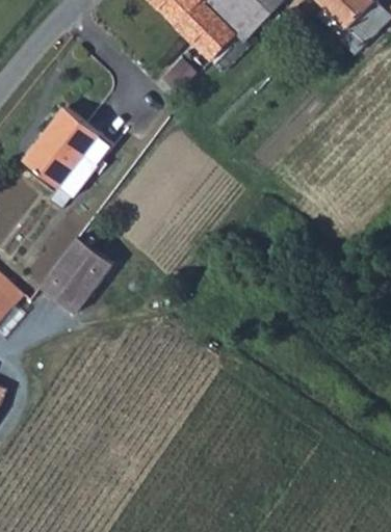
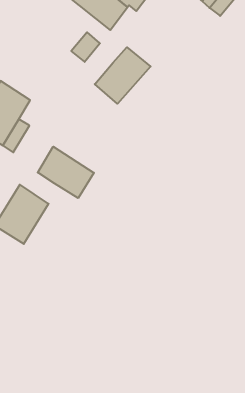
building: none -> [95,47,151,104]
building: none -> [38,147,94,198]

